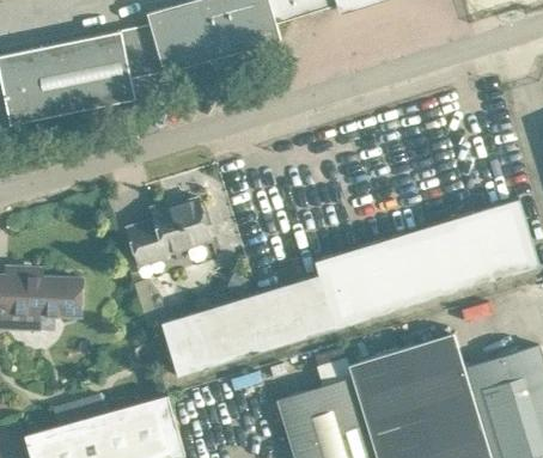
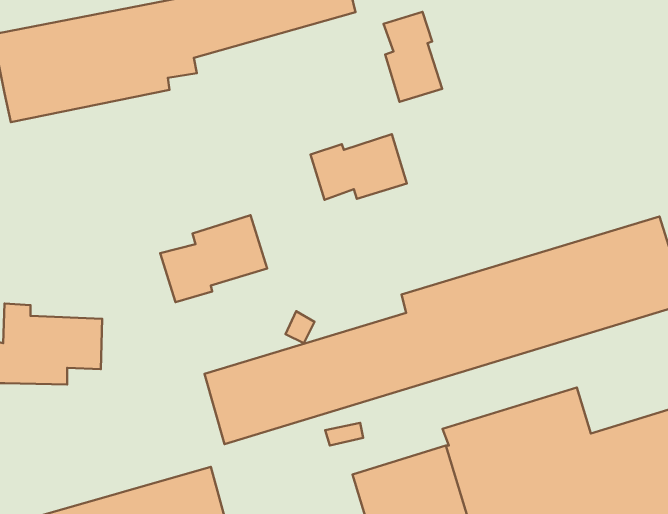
building: none -> [384,12,442,102]
building: none -> [311,134,407,200]

